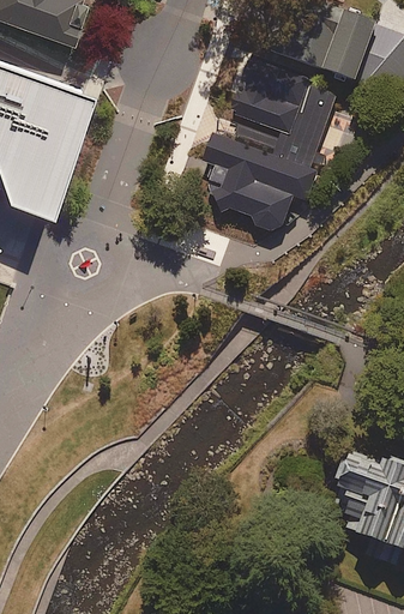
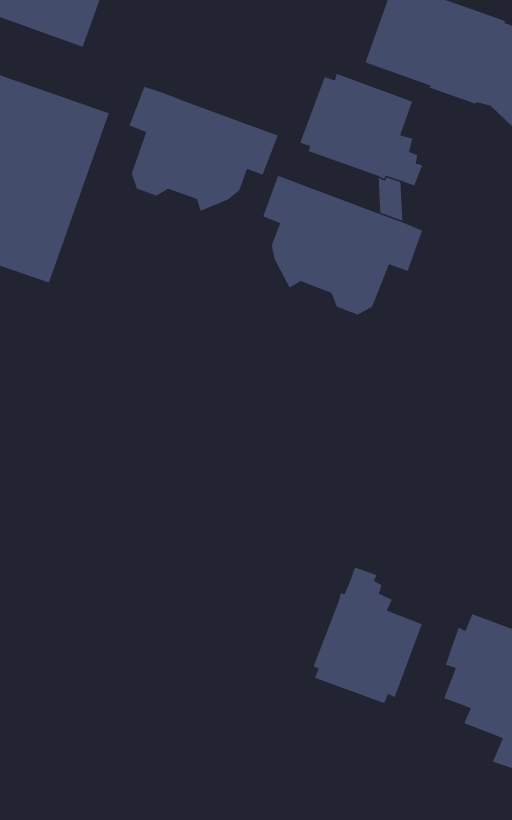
building: none -> [128,86,279,212]
building: none -> [313,566,423,704]

